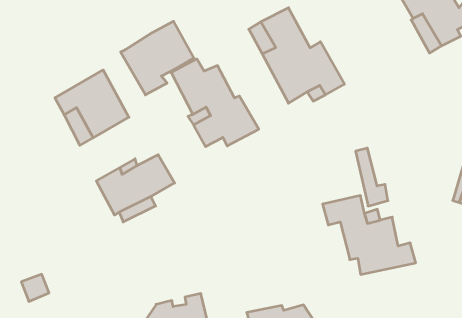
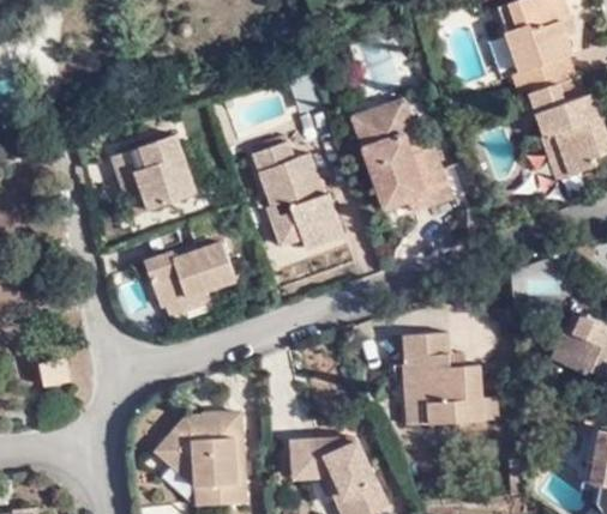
building: [121,21,194,95] -> none
building: [356,148,388,206] -> [404,358,432,425]

